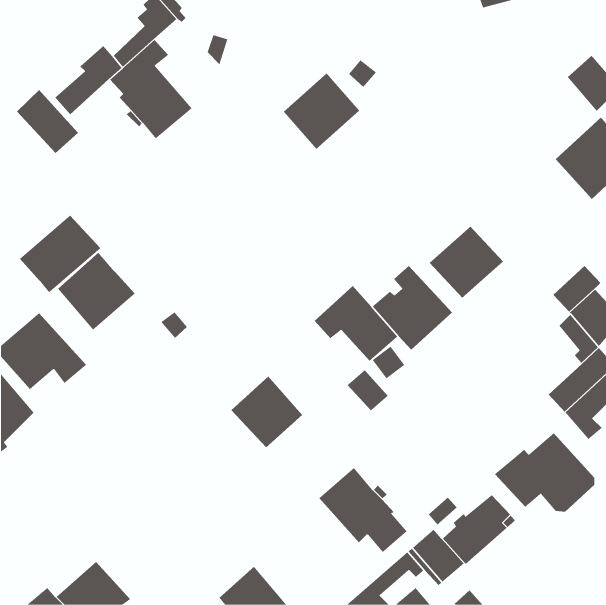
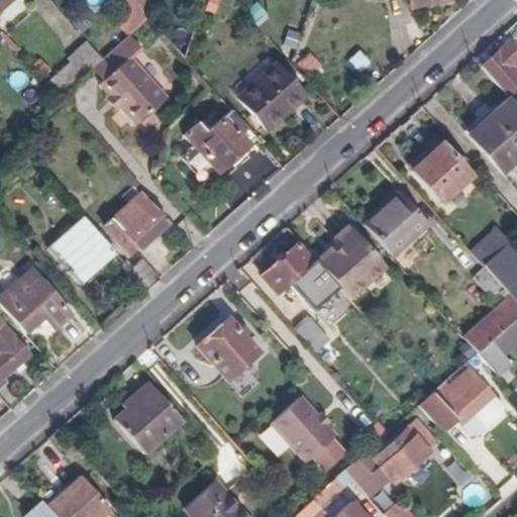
building: [16,89,79,154] -> none
building: none -> [186,106,258,181]
building: none -> [411,141,473,203]
building: [19,215,101,293] -> [99,193,169,260]
building: none -> [116,390,183,456]

